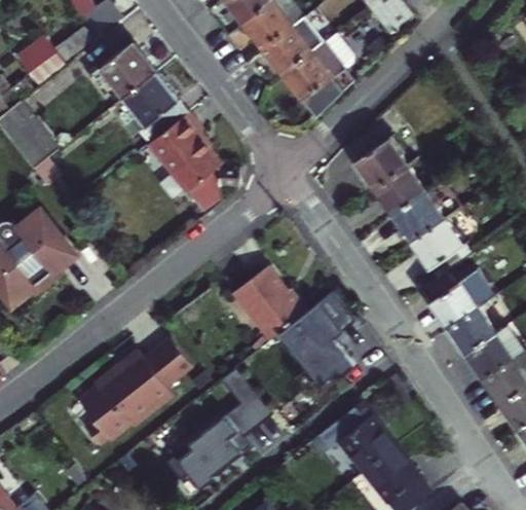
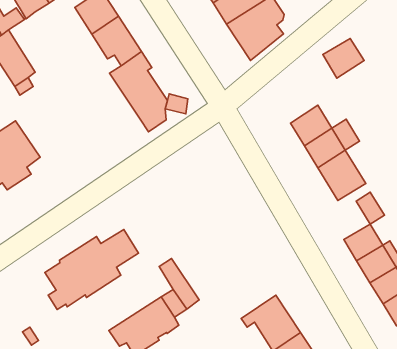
building: [349,138,401,188] -> [323,38,364,78]
building: [236,263,360,384] -> none
building: [426,278,477,326] -> none

